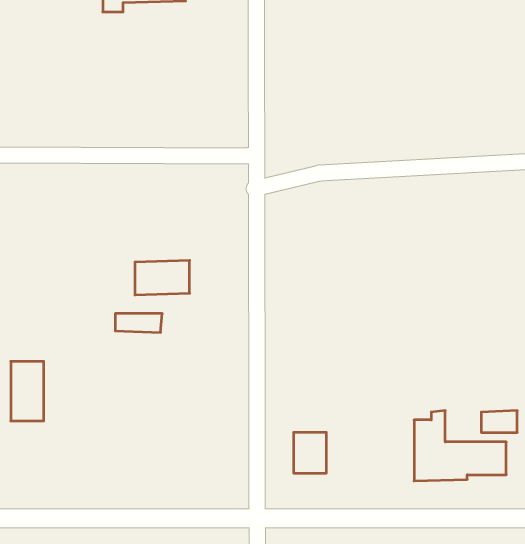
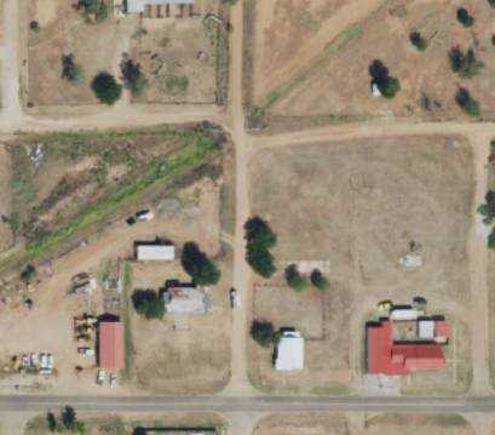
building: [135,260,190,295] -> [166,285,208,311]
building: [11,361,44,421] -> [98,321,123,367]

